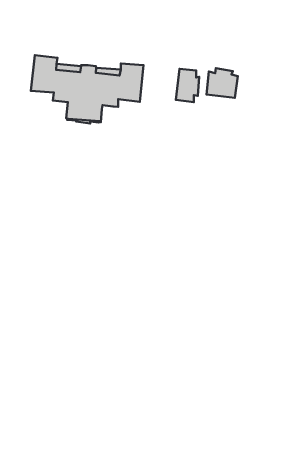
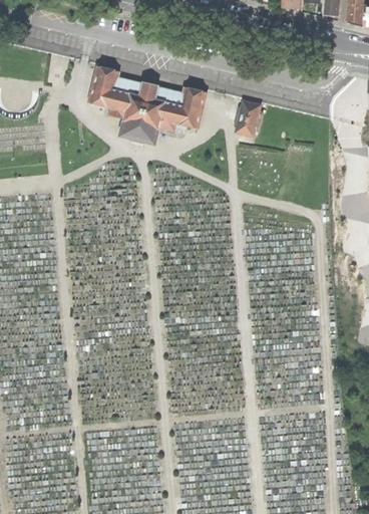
building: [207,68,238,98] -> none

